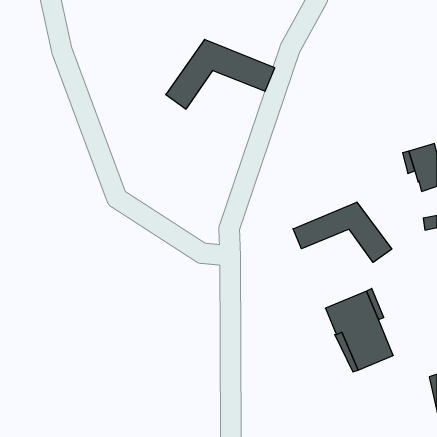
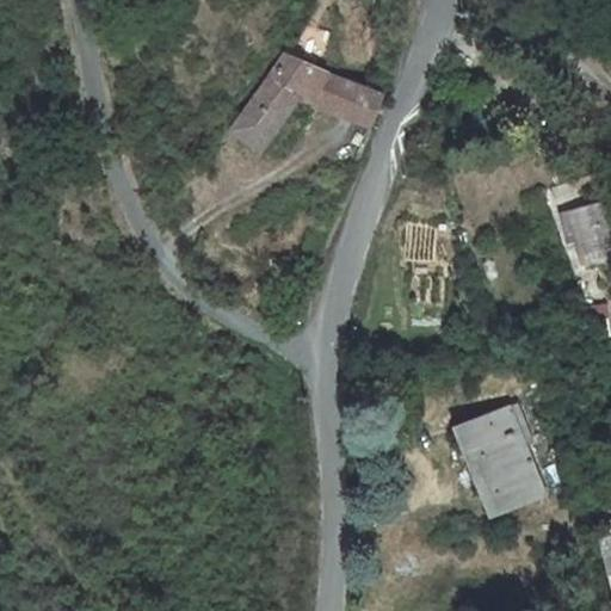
building: [293,202,392,262] -> none

